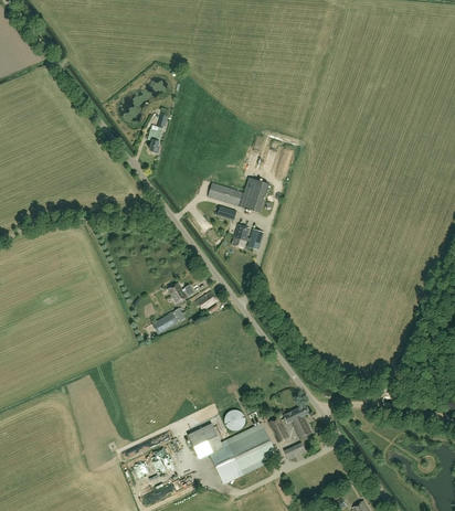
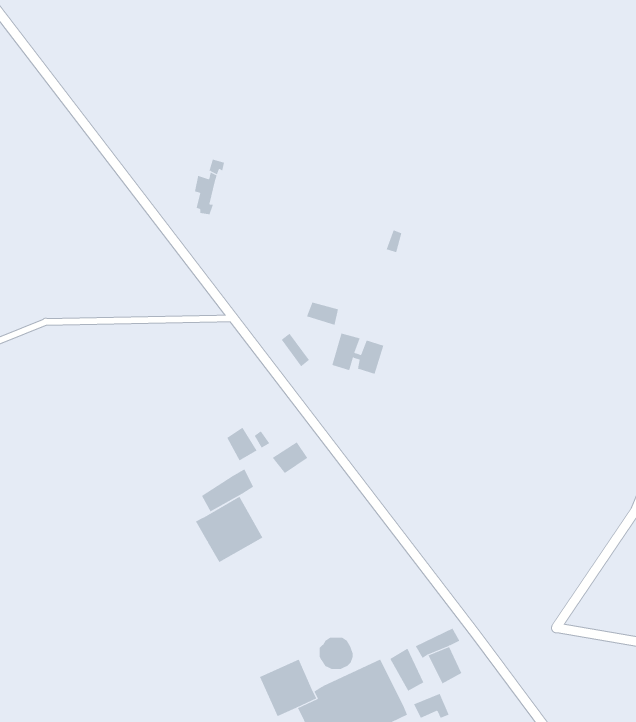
building: [208,178,267,212] -> none
building: none -> [195,496,263,563]

